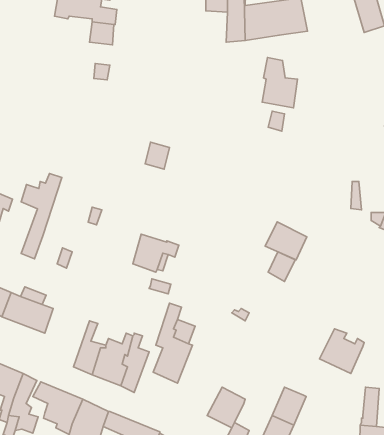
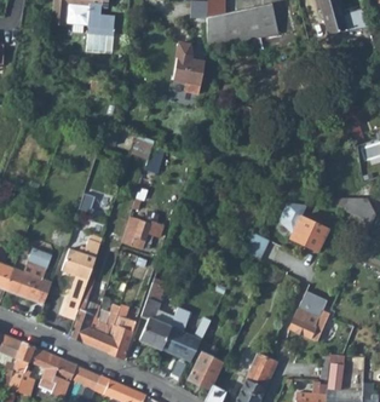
building: [262,58,297,108] -> [173,42,205,87]
building: [21,174,62,259] -> [64,239,100,315]
building: [265,222,307,260] -> [290,216,328,249]
building: none -> [162,308,211,362]

